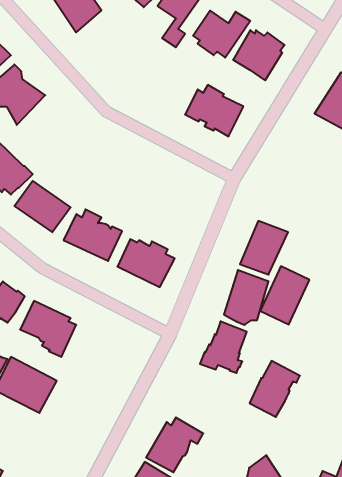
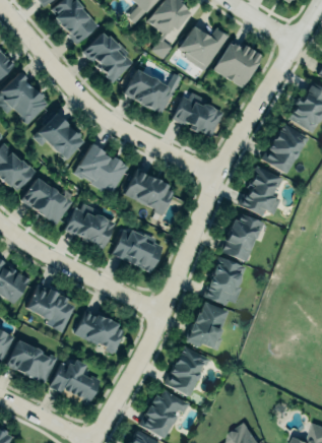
building: none -> [83,33,133,82]
building: none -> [124,70,175,114]
building: none -> [34,111,84,161]
building: none -> [263,121,308,173]
building: none -> [74,143,130,192]
building: none -> [126,170,176,216]
building: [260,266,309,325] -> [240,166,283,217]
building: none -> [75,310,125,353]
building: [250,361,300,417] -> [165,344,209,394]
building: none -> [50,361,101,405]

